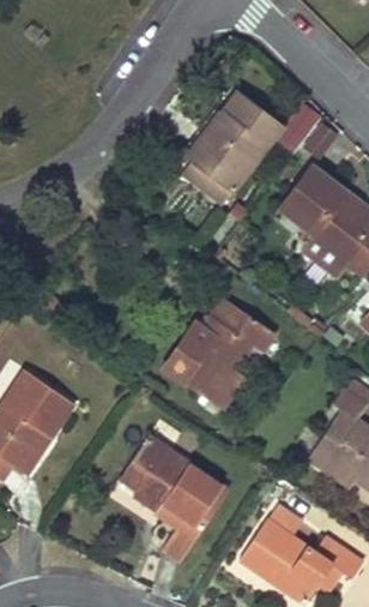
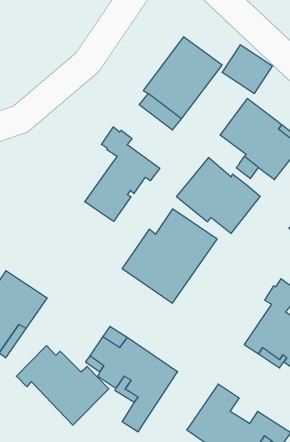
building: none -> [85,127,160,221]
building: none -> [177,157,260,233]
building: none -> [16,346,109,425]

